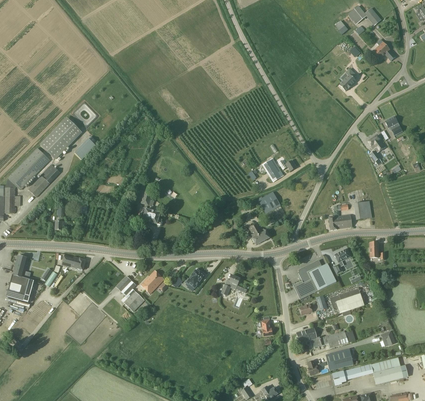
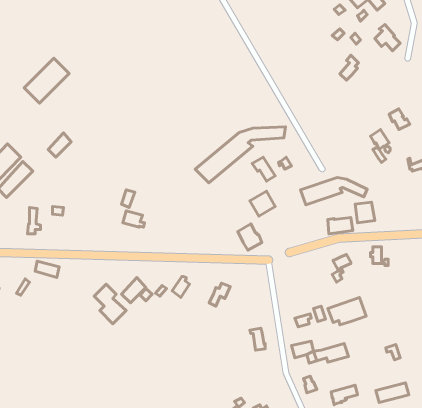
building: [40,118,81,159] -> [24,58,69,103]
building: none -> [195,127,285,183]
building: none -> [301,178,367,205]
building: [293,260,336,299] -> none
building: [325,349,353,370] -> none

